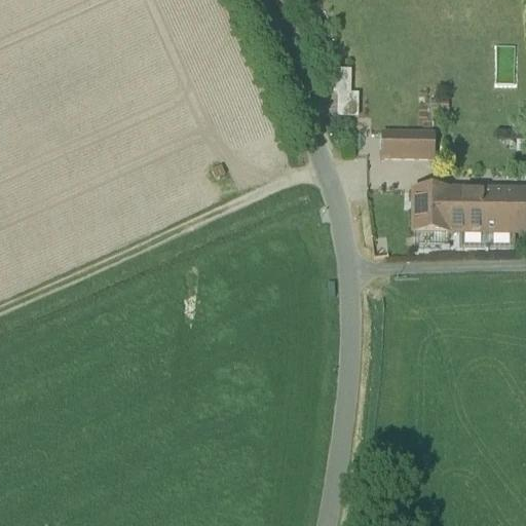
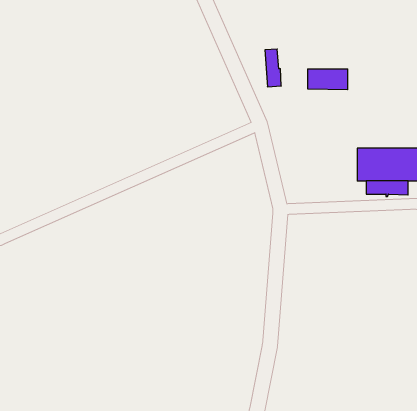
building: [383,127,434,153] -> [308,69,348,90]
building: [414,185,450,228] -> none

